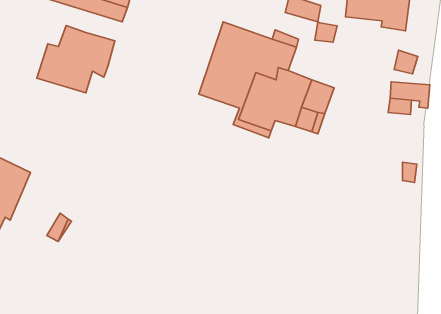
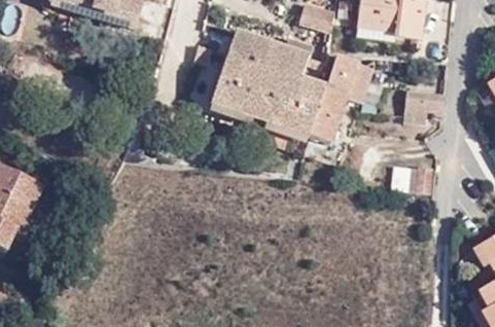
building: [37,26,115,93] -> none
building: none -> [325,52,372,100]

